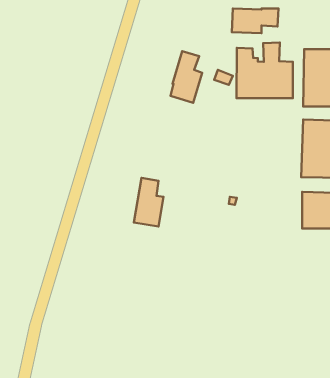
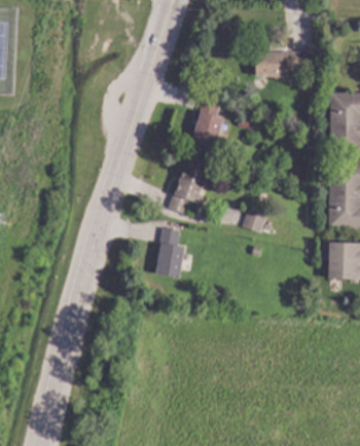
building: [236,43,293,98] -> none
building: none -> [168,164,207,214]
building: none -> [242,209,266,233]

